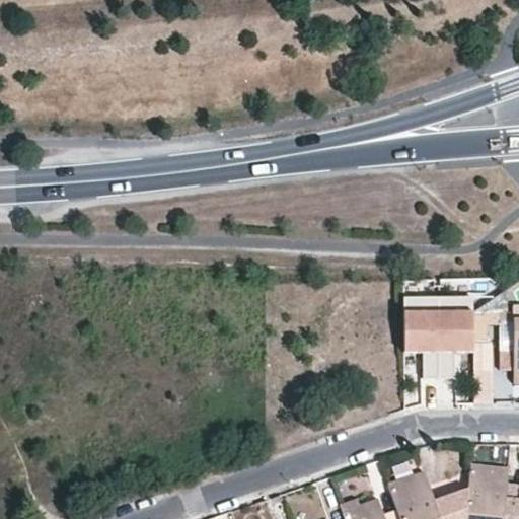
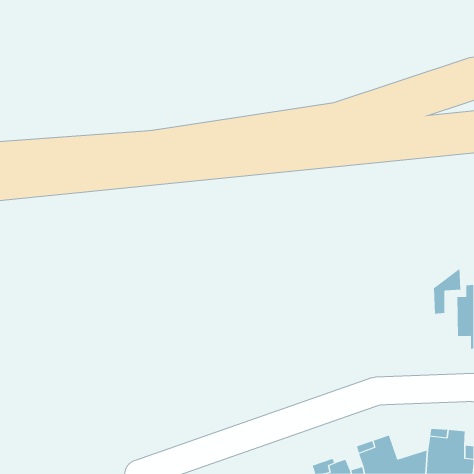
building: [417,307,469,378] -> none

